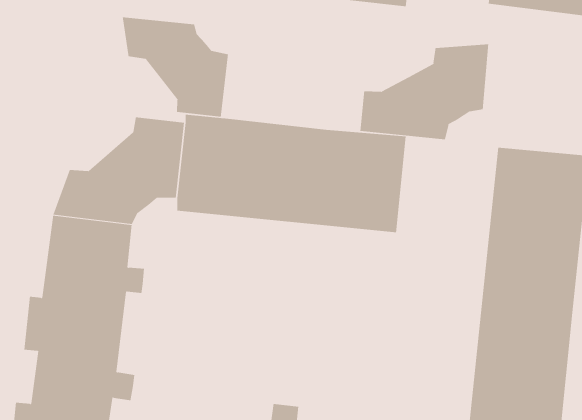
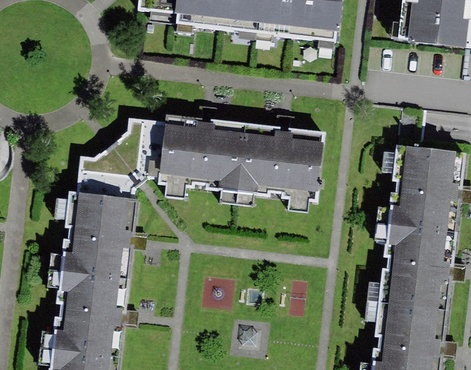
building: [122,17,228,118] -> none
building: [360,43,489,140] -> none

